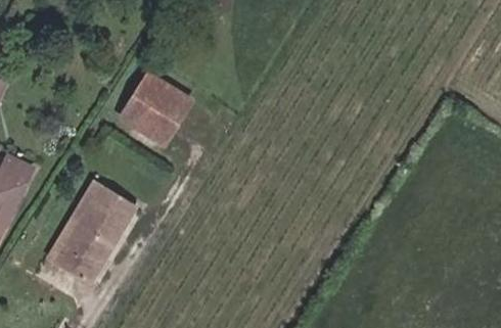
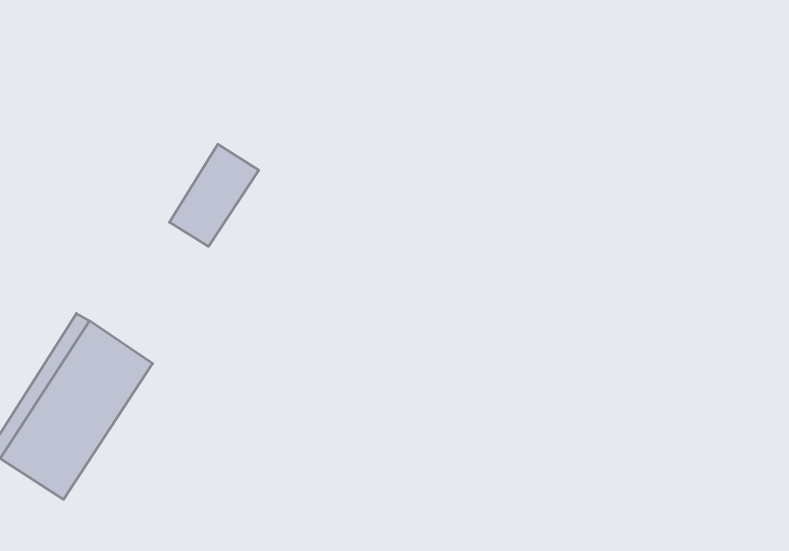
building: [124,76,172,132] -> none

